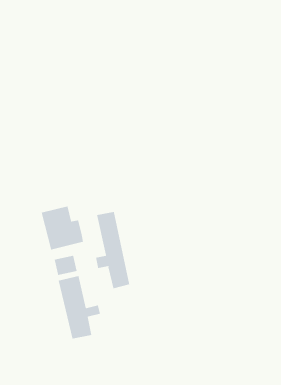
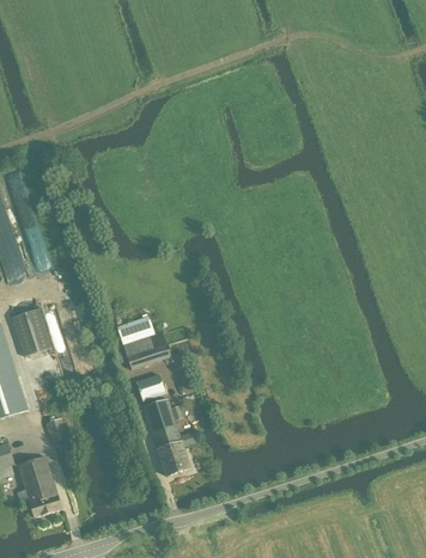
building: [95,211,130,289] -> none

